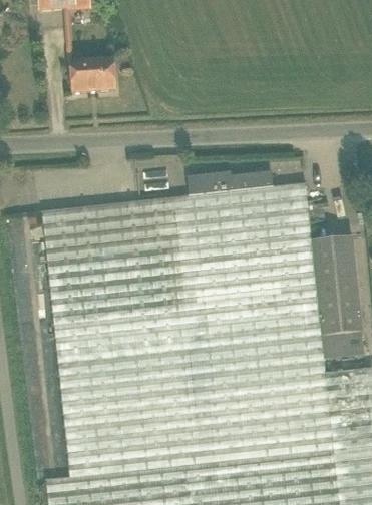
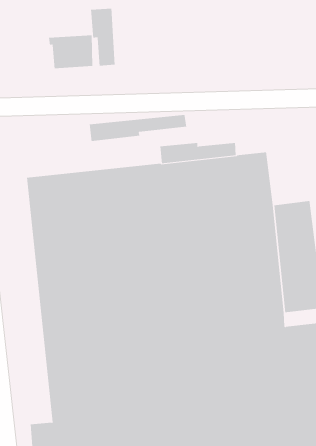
building: none -> [90,8,115,66]
building: none -> [89,114,187,142]

